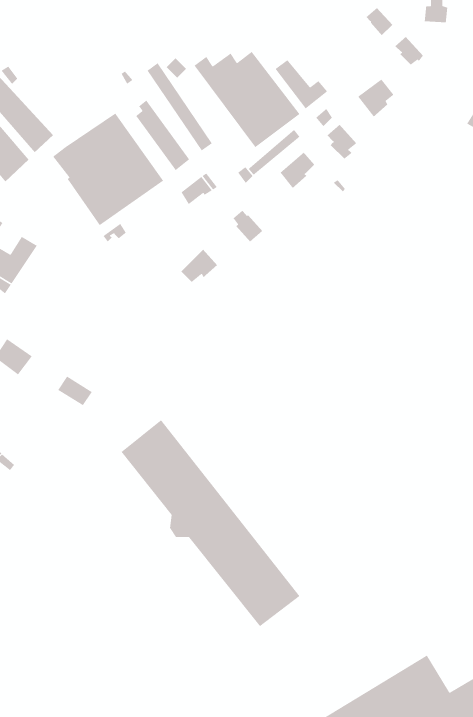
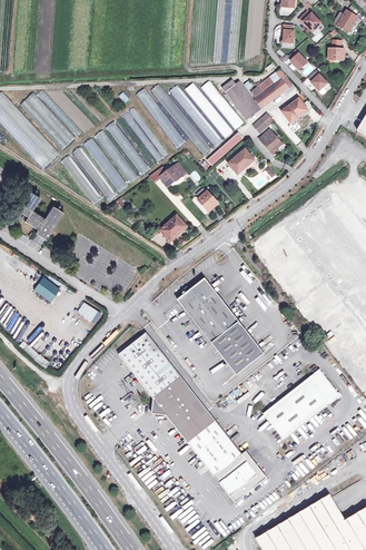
building: none -> [250,69,291,108]
building: none -> [177,279,264,374]
building: none -> [264,370,342,440]
building: none -> [215,451,268,502]

